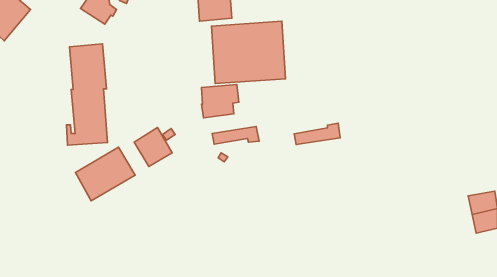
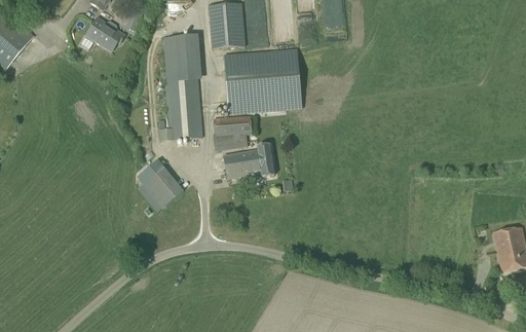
building: [66,44,107,145] -> [159,34,202,141]
building: [294,123,340,145] -> [223,144,271,167]
building: [75,147,135,201] -> none

